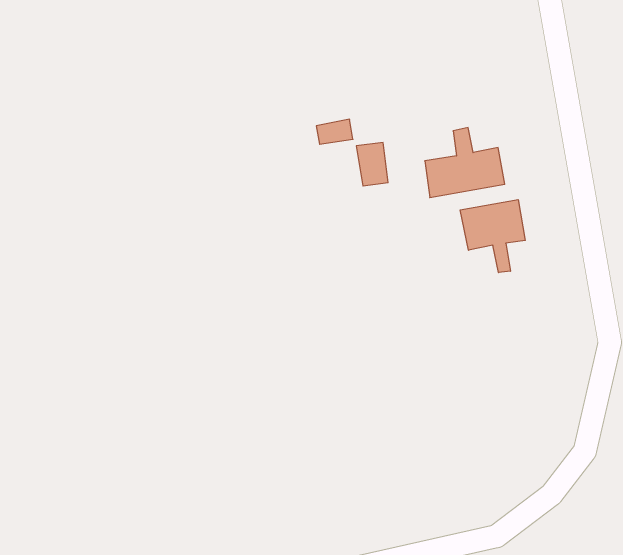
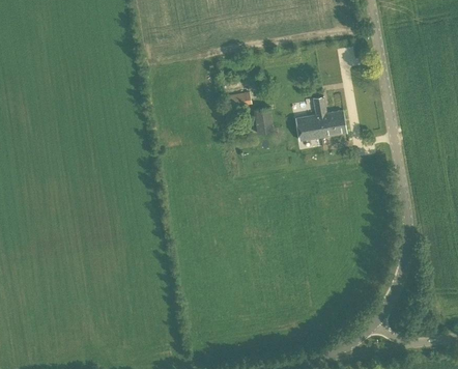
building: [460,200,525,273] -> none

